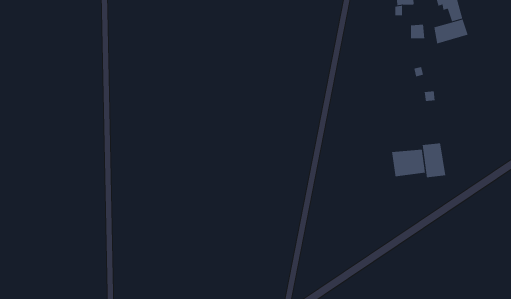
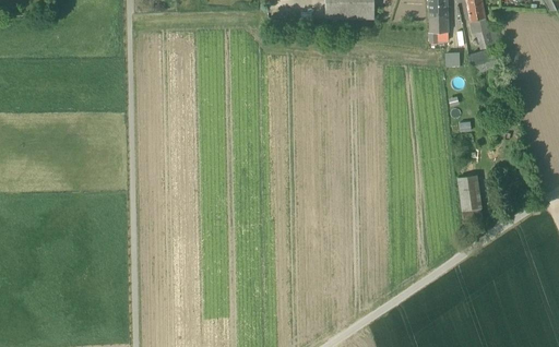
building: [391,149,425,177] -> none

